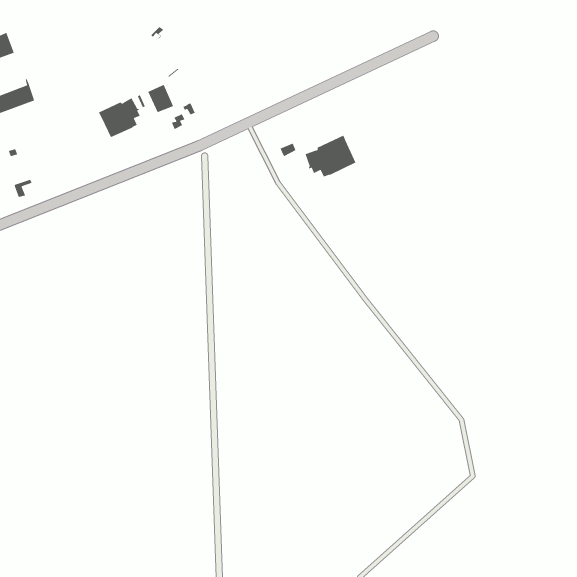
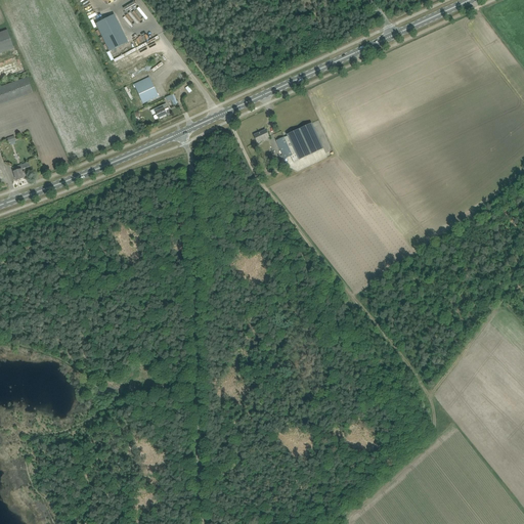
building: none -> [95,13,128,50]
building: [98,97,141,138] -> none

